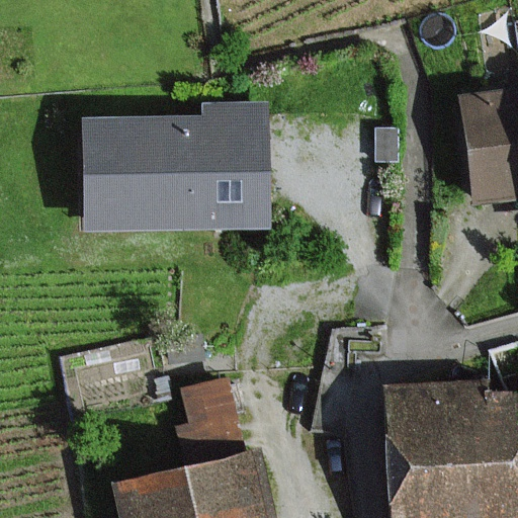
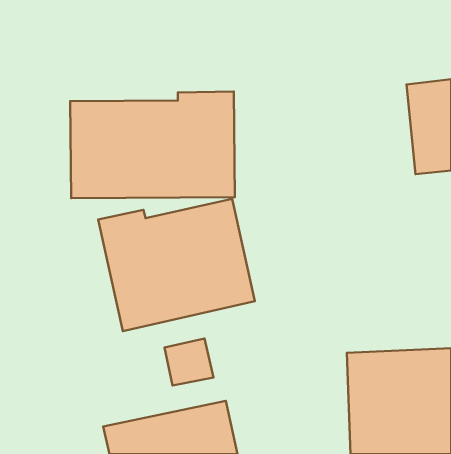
building: none -> [98,199,255,331]

